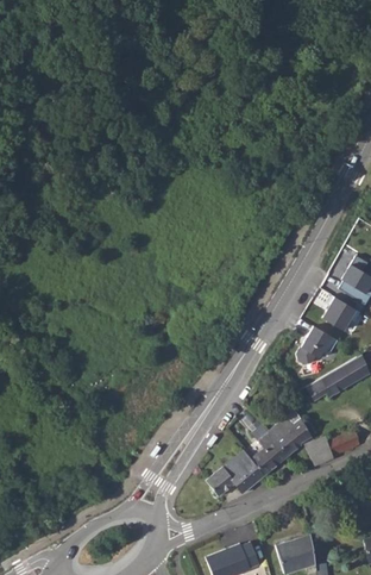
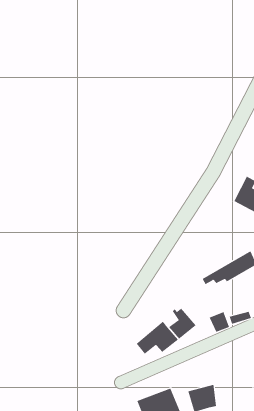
building: [322,294,358,329] -> none
building: [302,327,335,364] -> none
building: [268,417,312,455] -> none

